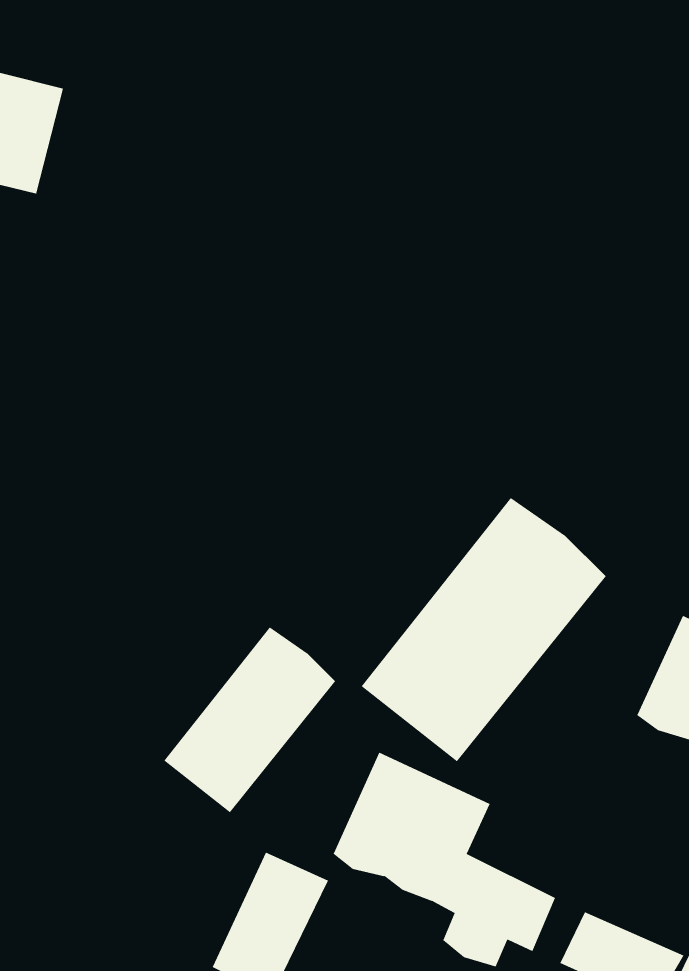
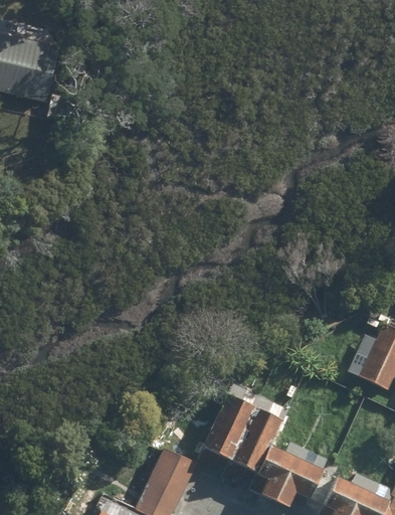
building: [361,497,606,762] -> none
building: [164,627,336,813] -> none

